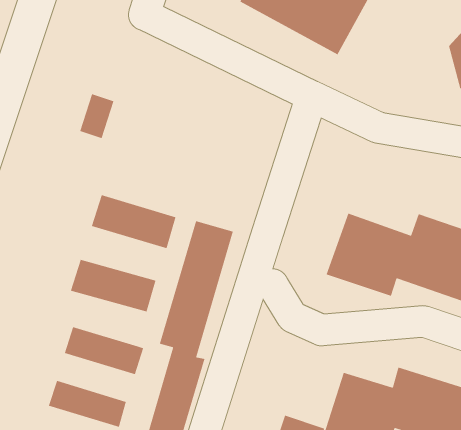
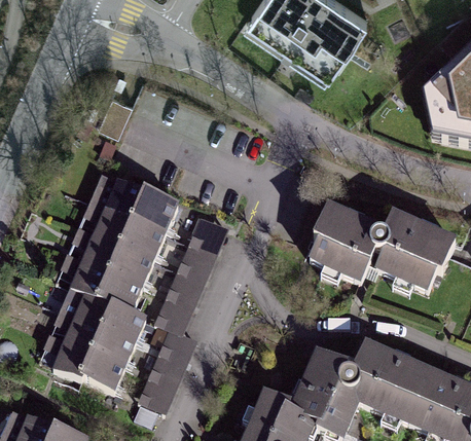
building: none -> [93,208,170,259]
building: none -> [70,263,148,316]
building: none -> [64,318,134,364]

